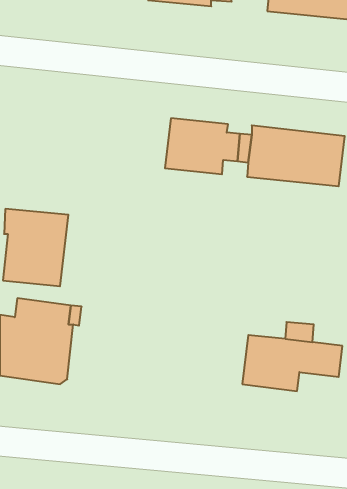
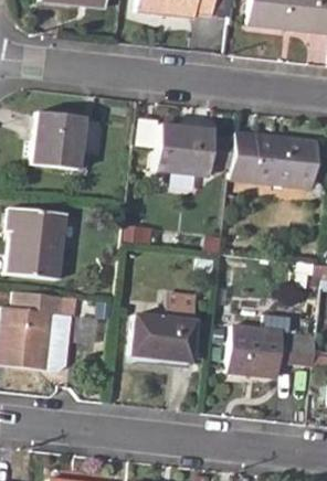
building: none -> [33,110,85,168]
building: none -> [129,292,197,361]

